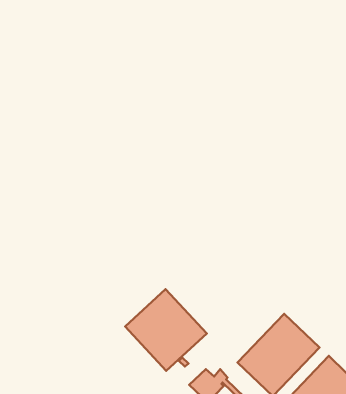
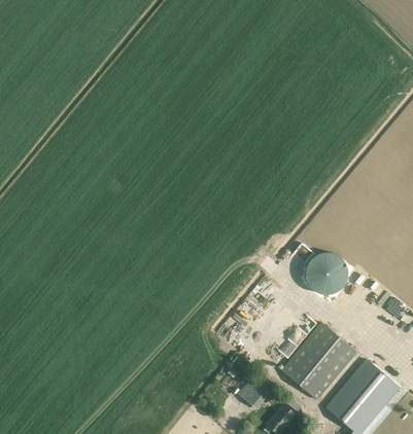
building: none -> [305,252,347,294]
building: [125,289,207,371] -> none

